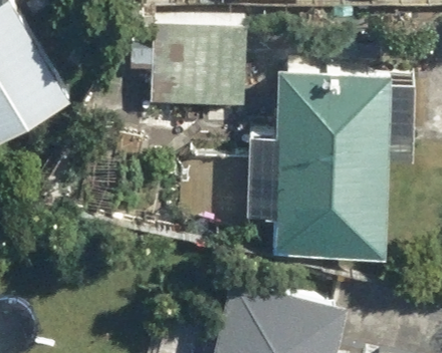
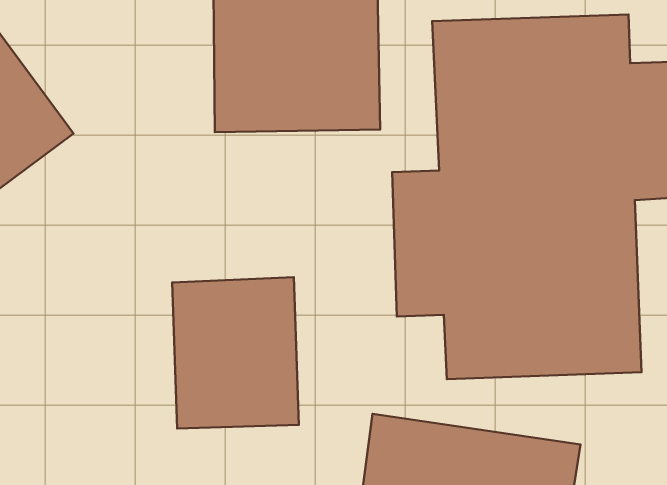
building: none -> [172,277,299,429]

